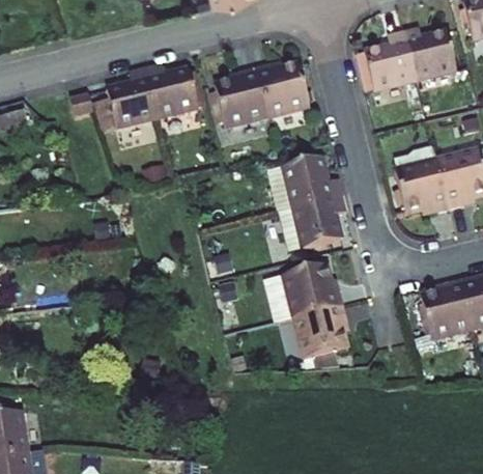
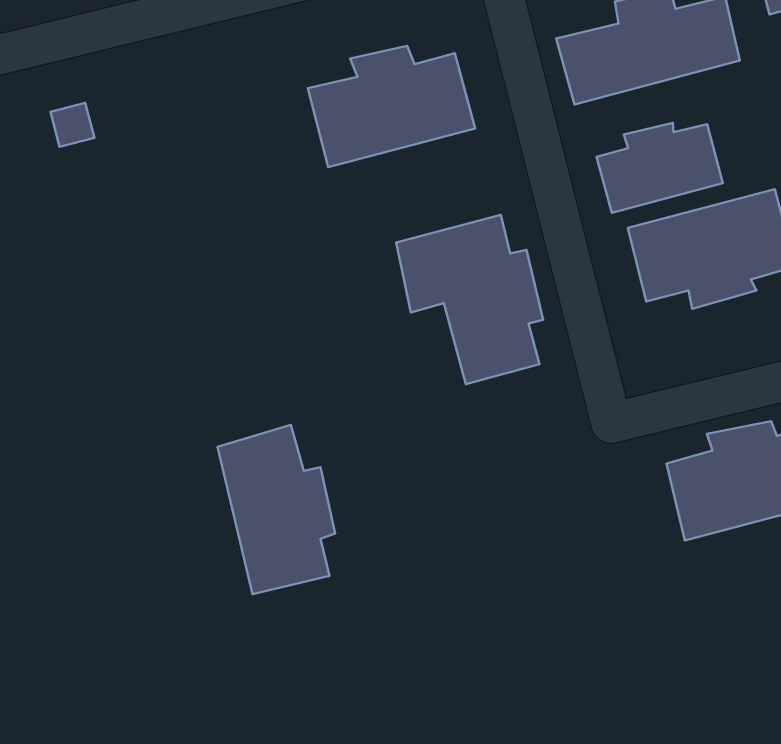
building: [105,64,198,130] -> none
building: none -> [596,123,723,213]
building: [282,263,348,359] -> [217,425,335,594]

